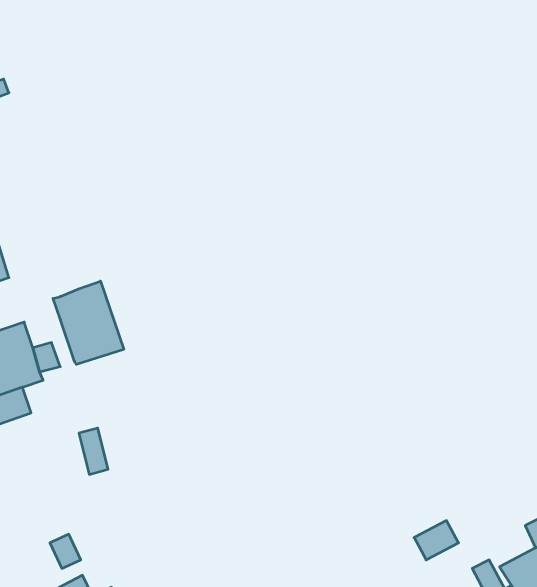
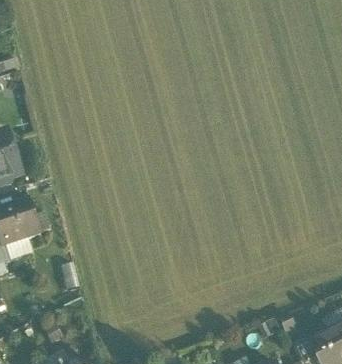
building: [53,281,124,364] -> none

